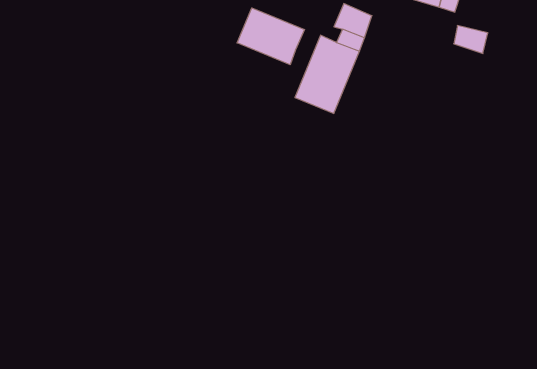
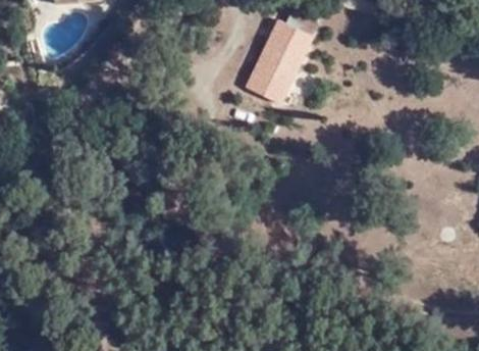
building: [237,8,305,65] -> none

